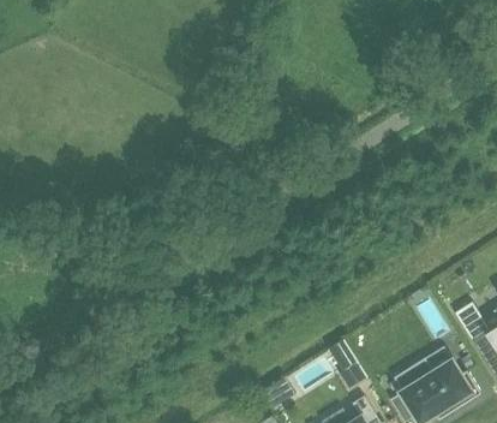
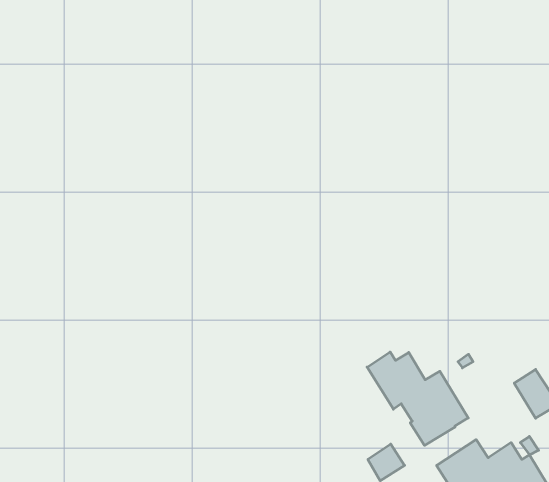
building: none -> [367,352,468,445]

